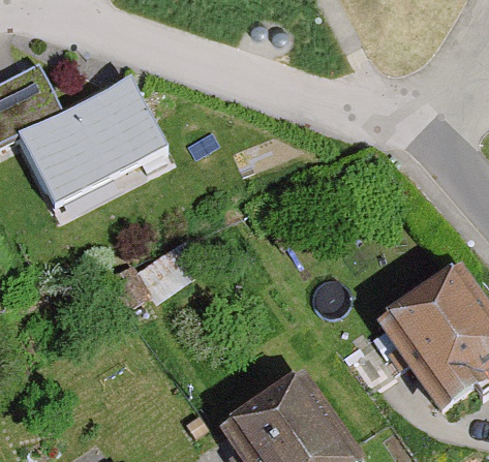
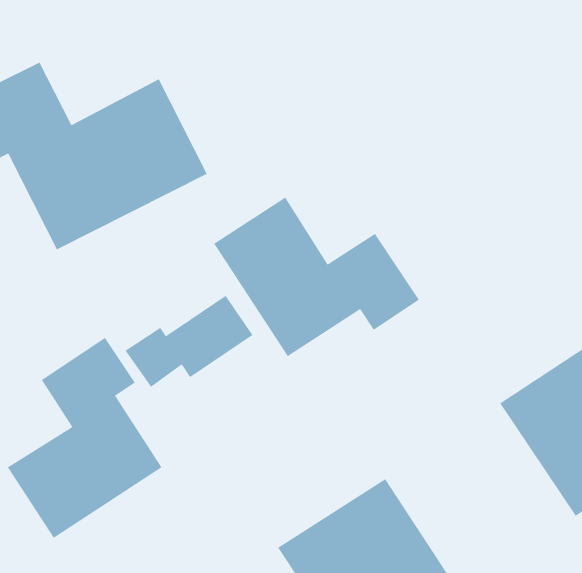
building: none -> [213,197,420,357]
building: none -> [7,337,163,539]

